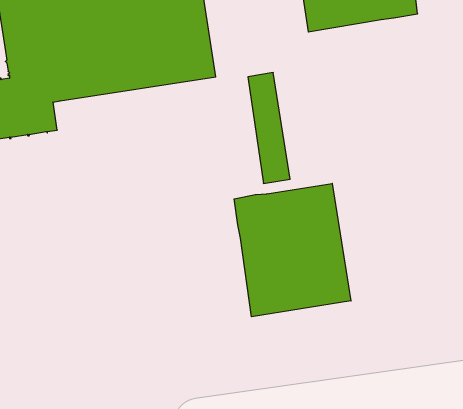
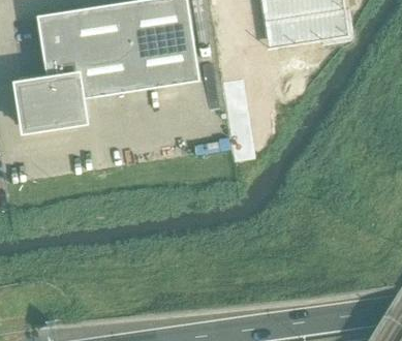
building: [234,183,351,317] -> none

